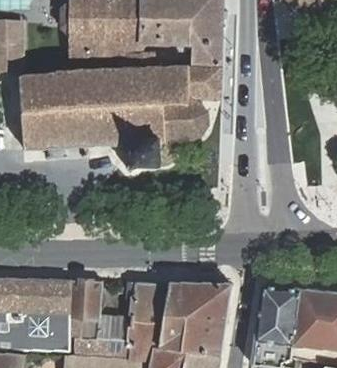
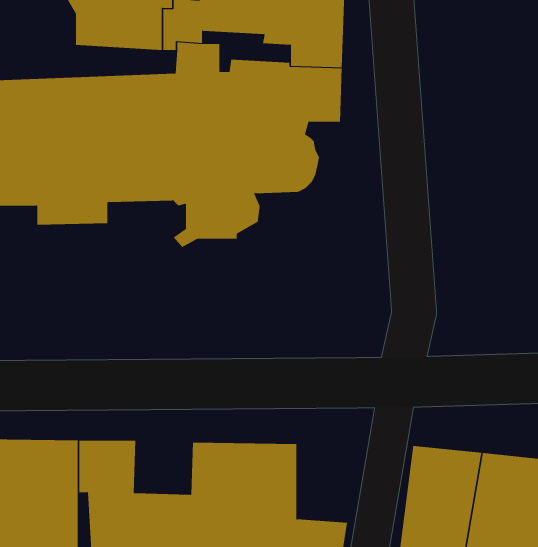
building: [194,282,230,327] -> none

